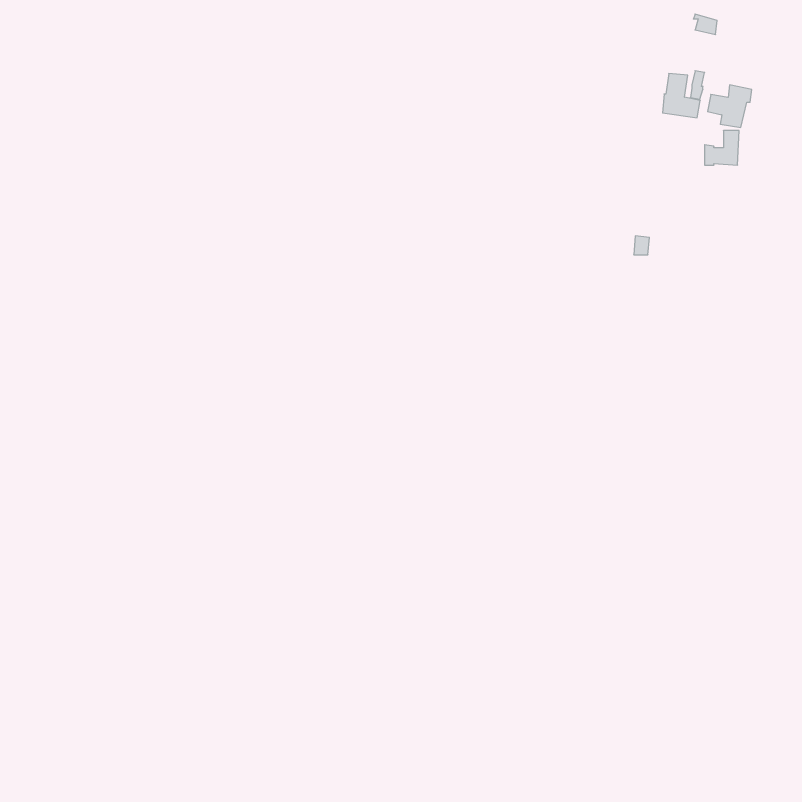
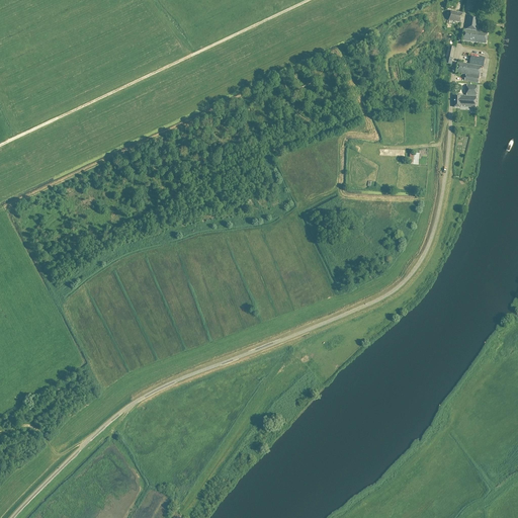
building: [663,74,700,118] -> [462,15,487,44]

